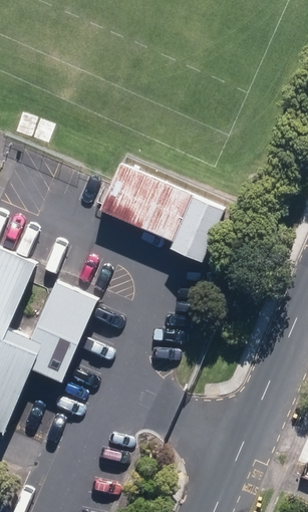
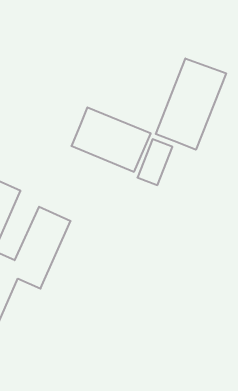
building: none -> [156,58,226,150]

